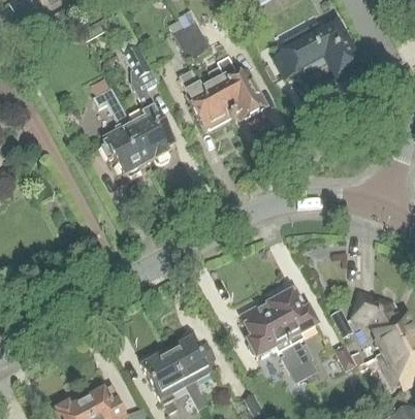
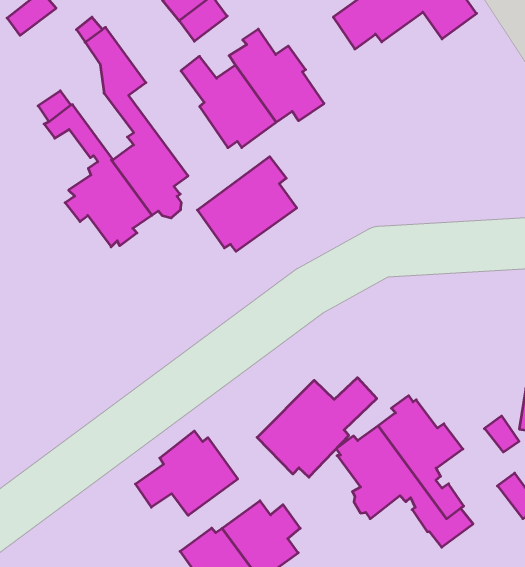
building: none -> [197,157,297,251]
building: none -> [257,378,377,477]
building: none -> [135,431,238,515]

